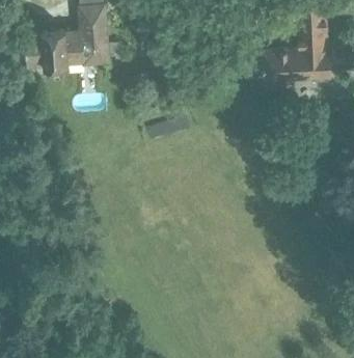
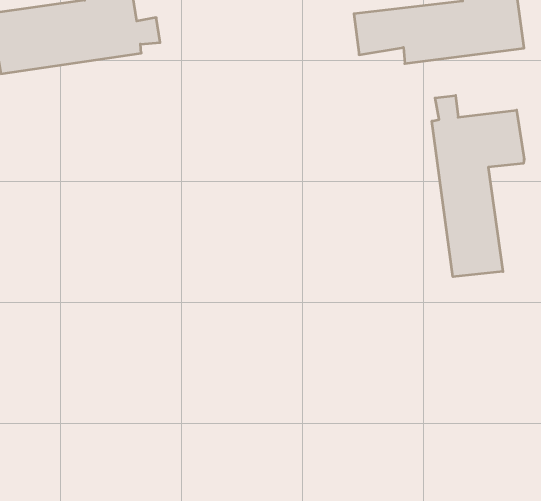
building: none -> [432,95,524,277]

